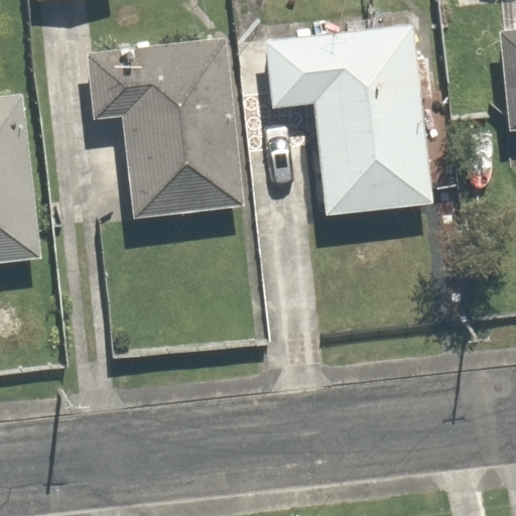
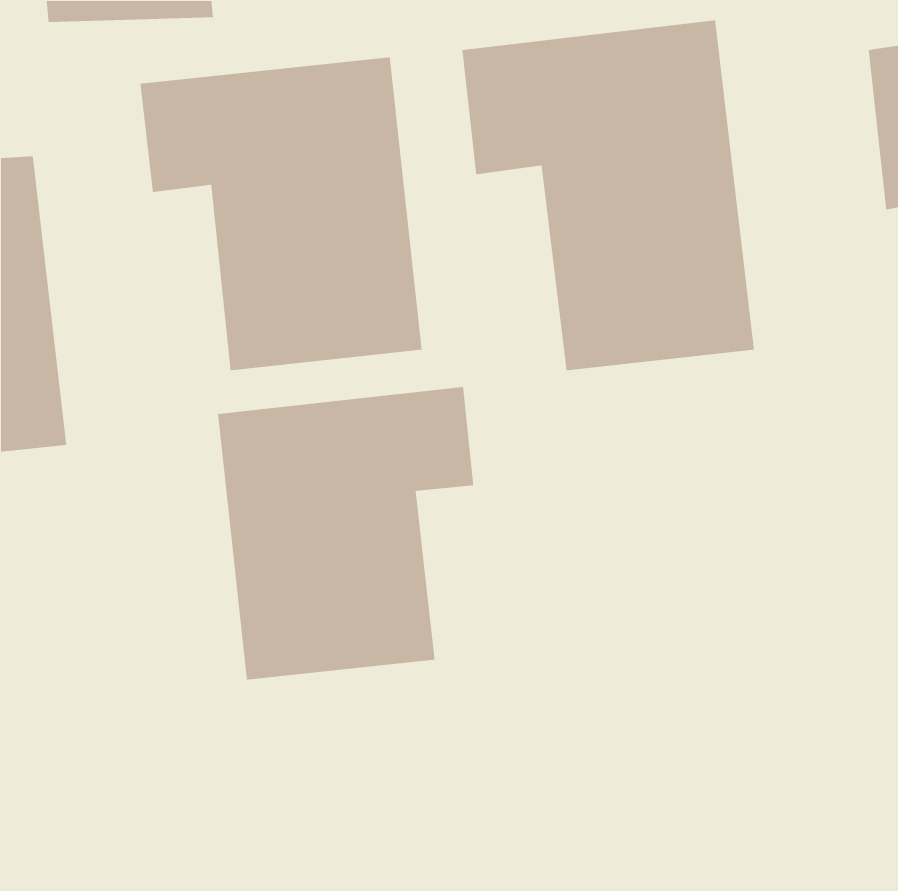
building: none -> [217,386,474,680]

